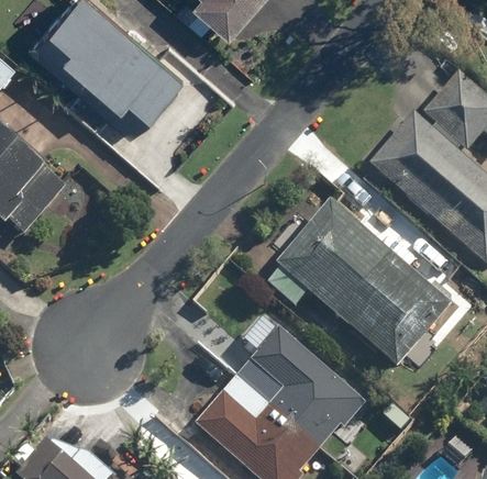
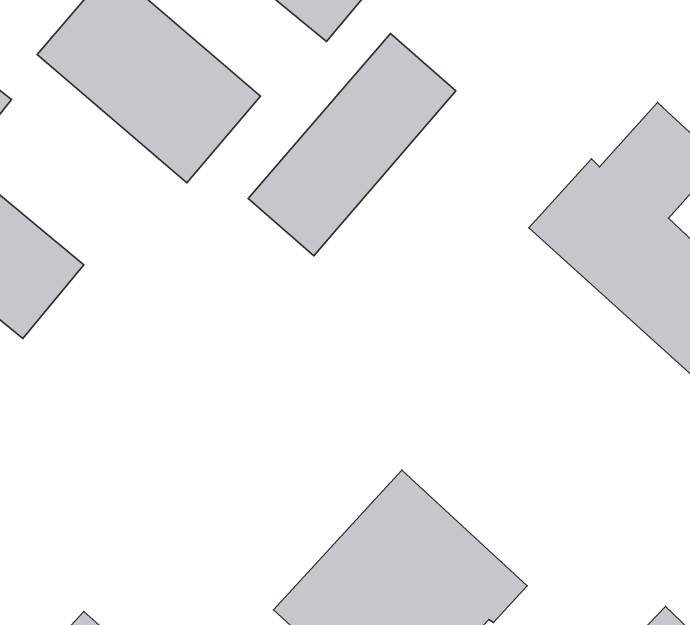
building: none -> [248,34,456,256]
building: [262,200,453,368] -> none

